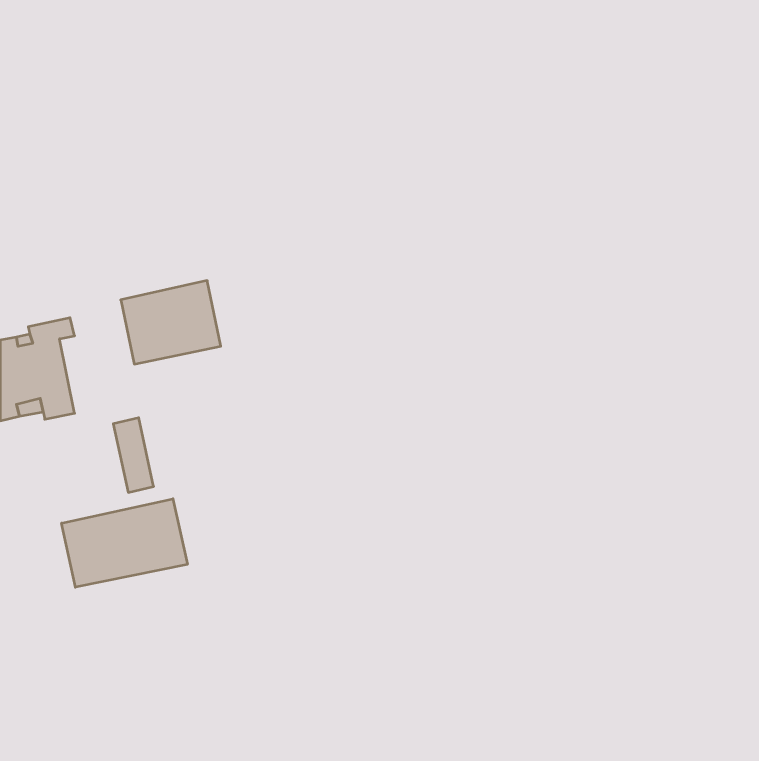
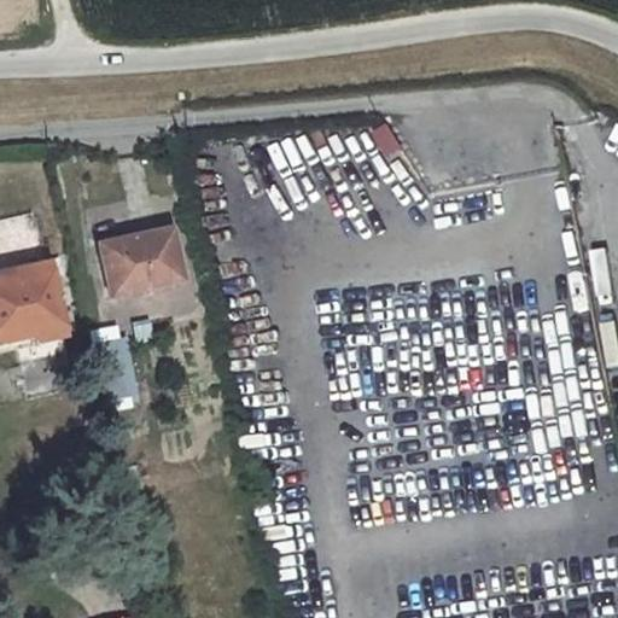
building: [62,499,187,587] -> none

